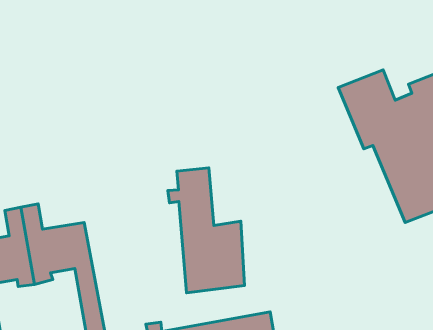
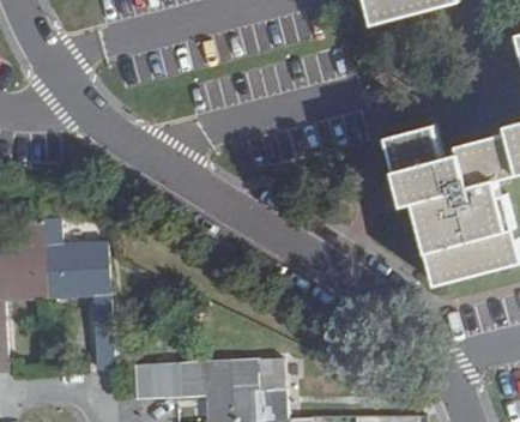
building: [168,168,244,293] -> none

